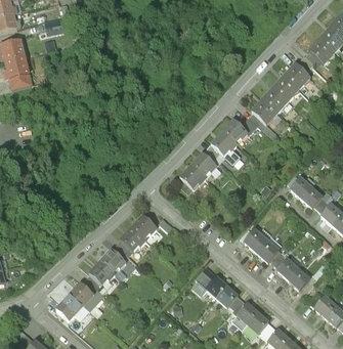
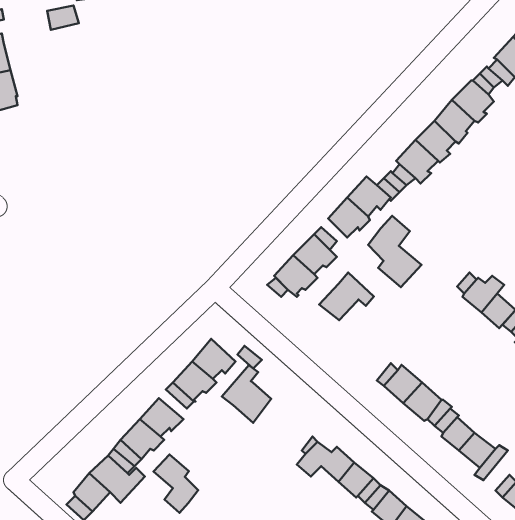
building: none -> [368,216,421,287]
building: none -> [319,273,374,320]
building: none -> [222,365,271,423]
building: none -> [153,454,198,513]

